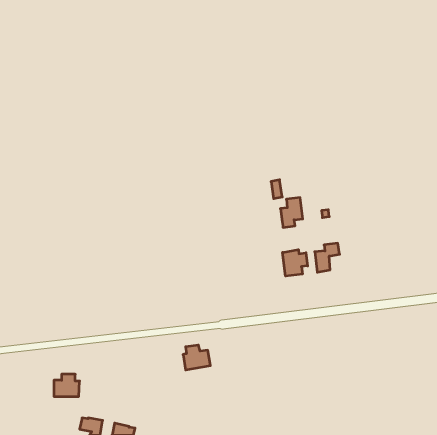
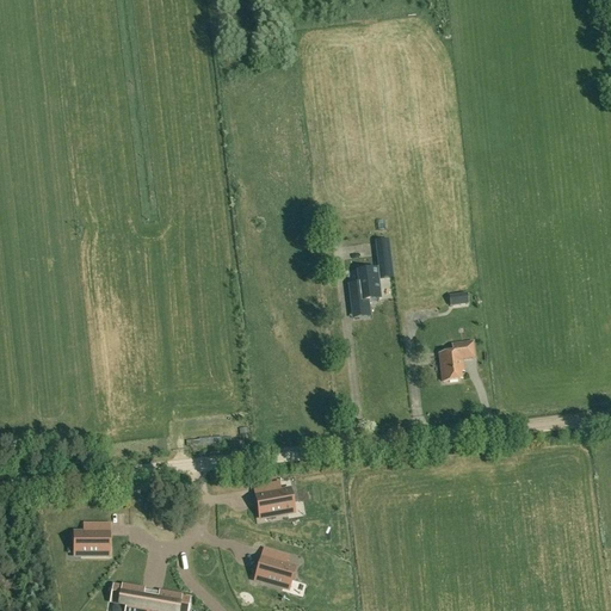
building: [280,198,303,227] -> [350,265,381,307]
building: [283,250,308,276] -> none
building: none -> [257,549,297,587]

